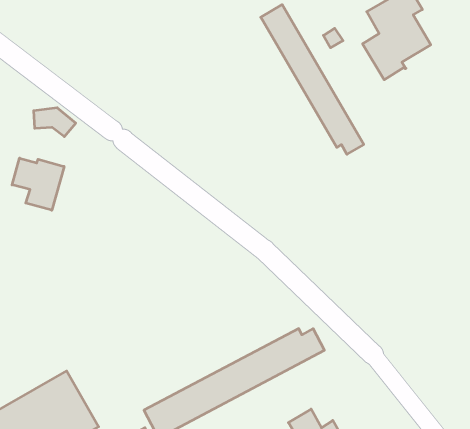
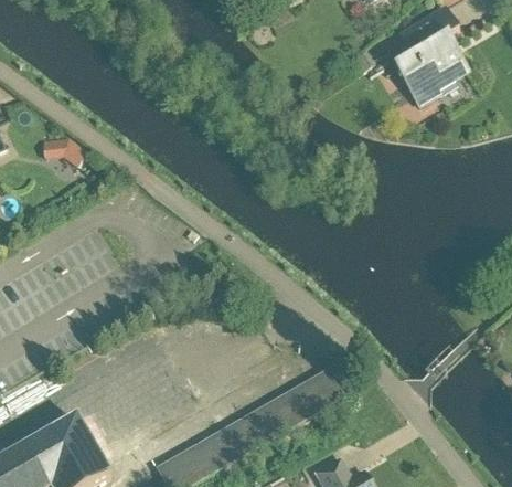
building: [261,5,364,154] -> none
building: [12,158,64,210] -> none

